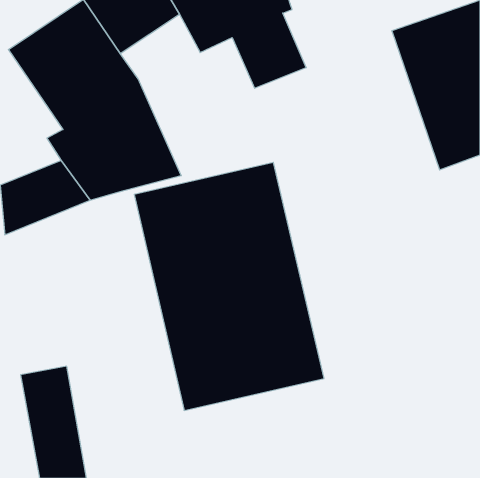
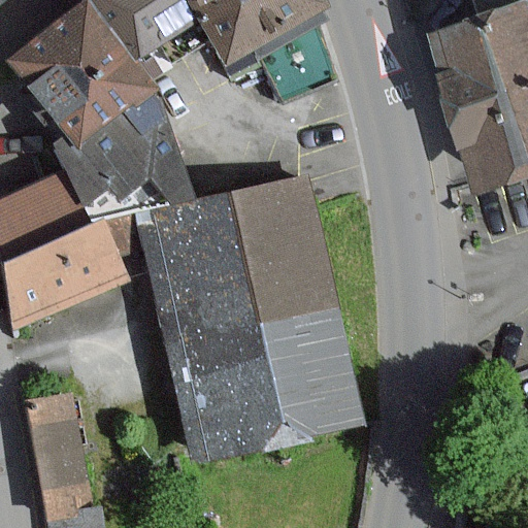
building: none -> [5,220,120,323]

